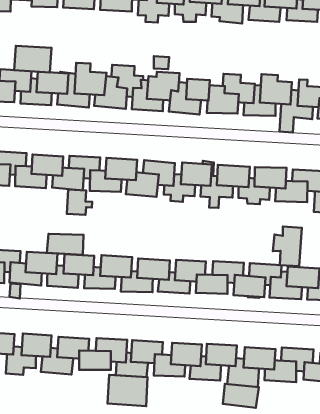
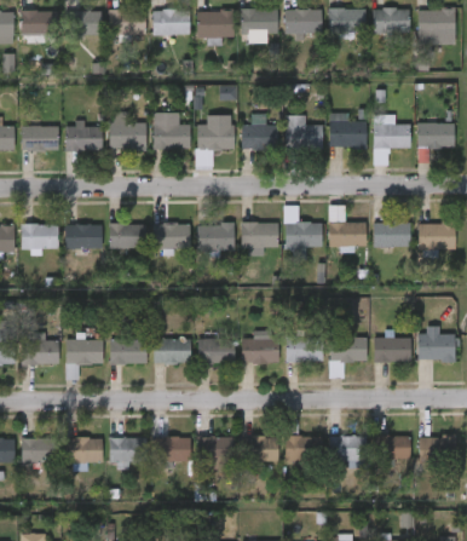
building: [14,46,51,72] -> none
building: [67,190,92,215] -> none
building: [273,227,302,266] -> none
building: [47,234,84,255] -> none
building: [108,375,147,406] -> none
building: [223,384,259,408] -> none

